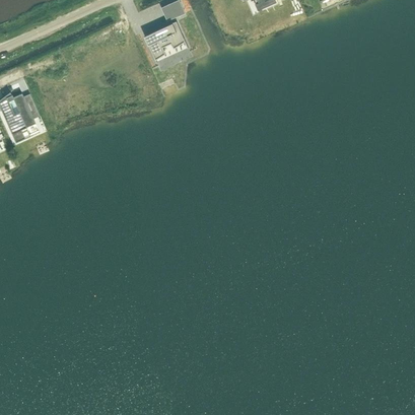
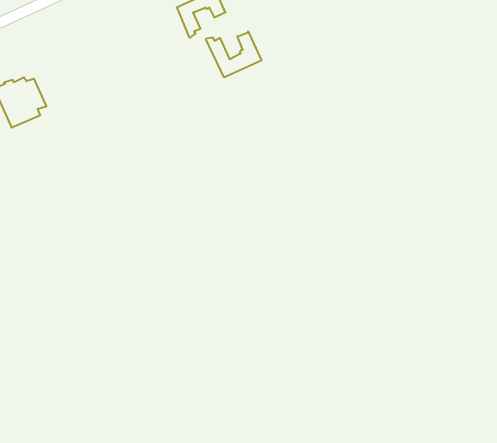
building: none -> [206,31,261,77]

